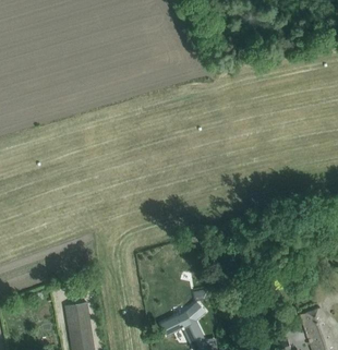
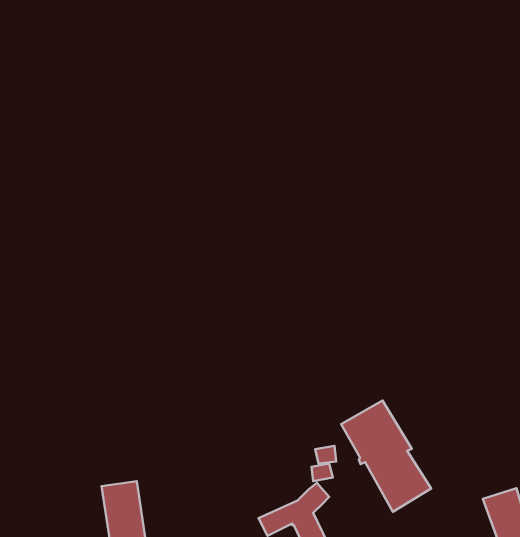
building: none -> [341,401,431,512]

